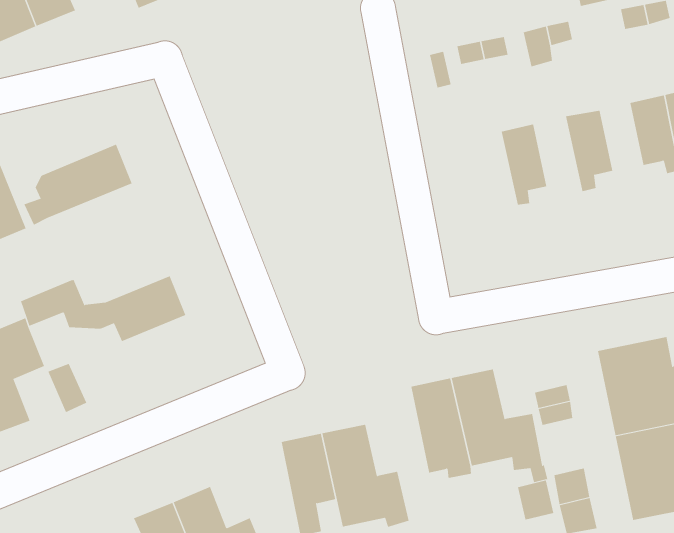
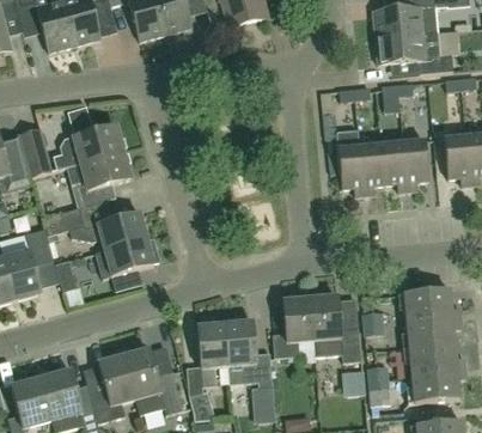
building: none -> [336,128,365,194]
building: none -> [382,140,407,190]
building: none -> [67,150,130,206]
building: none -> [96,237,159,276]

